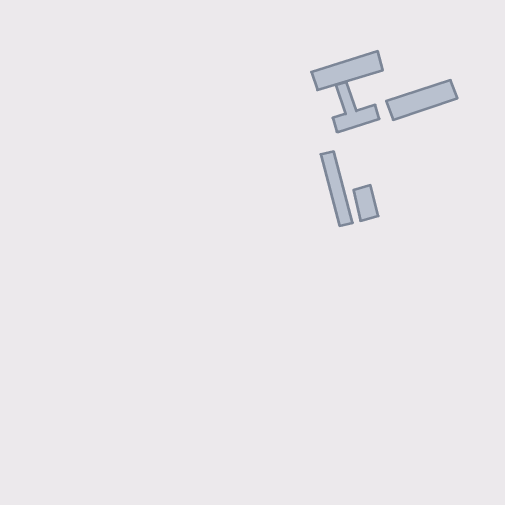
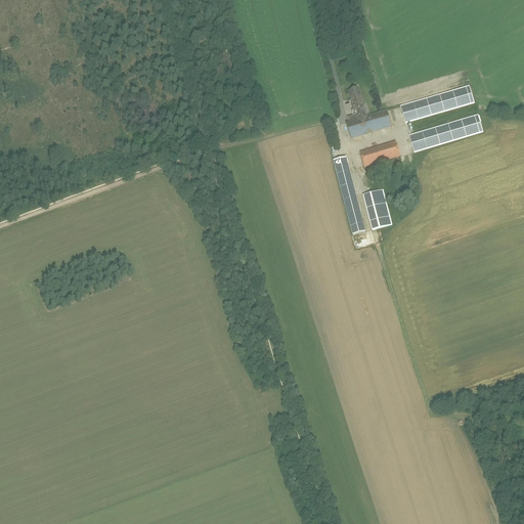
building: [311,51,383,90] -> [409,113,483,152]
building: none -> [358,139,401,166]

